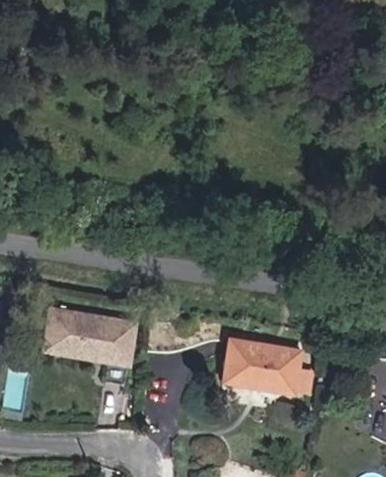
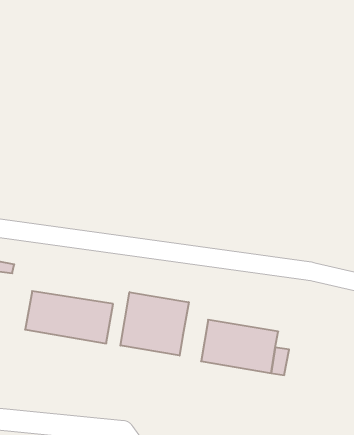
building: none -> [120,292,189,356]

